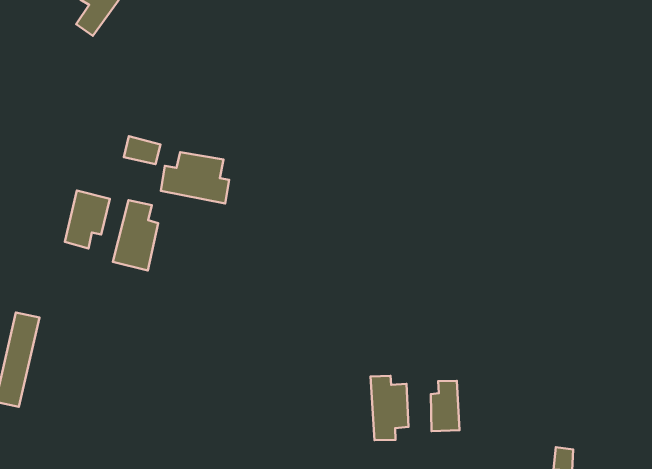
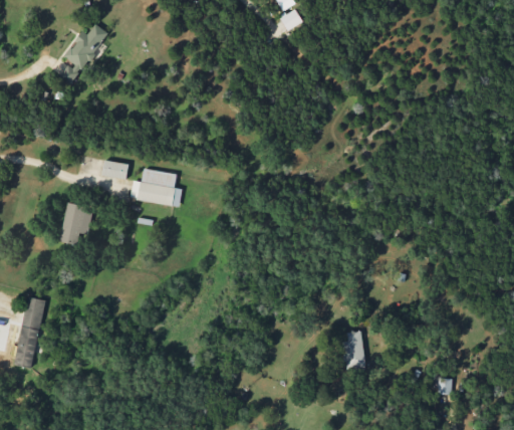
building: [113,200,158,270] -> none
building: [371,376,408,440] -> none

